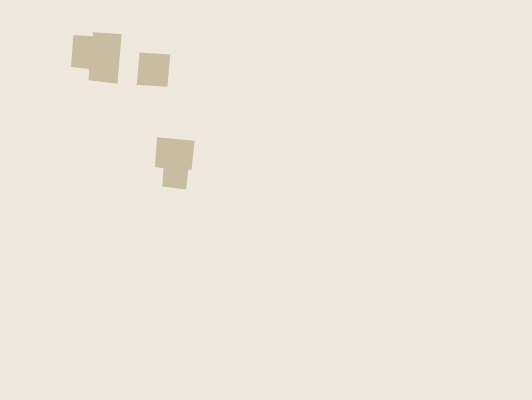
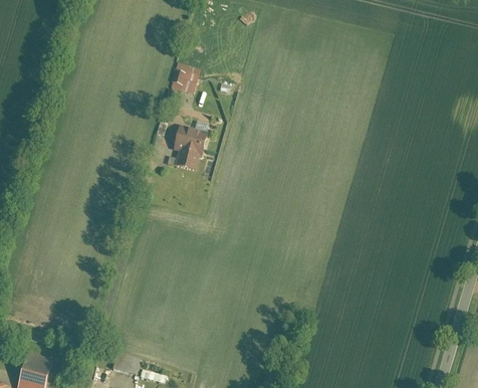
building: [70,32,123,84] -> none

